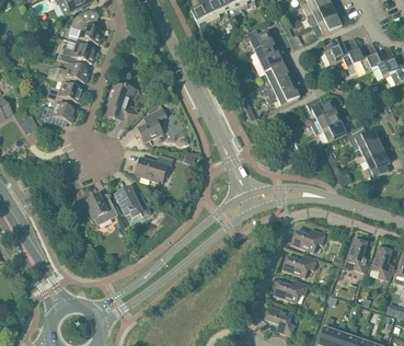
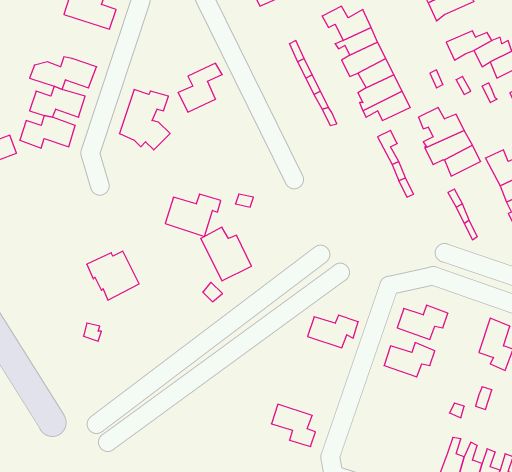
building: [59,41,96,62] -> none
building: [138,107,168,140] -> [178,63,222,112]
building: [116,186,150,222] -> [201,227,251,281]
building: [274,279,308,301] -> [308,315,358,348]
building: [265,305,295,334] -> [271,404,315,447]

